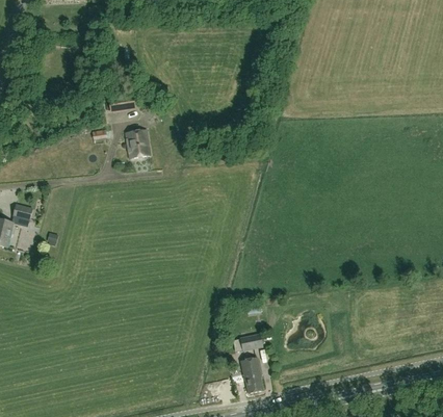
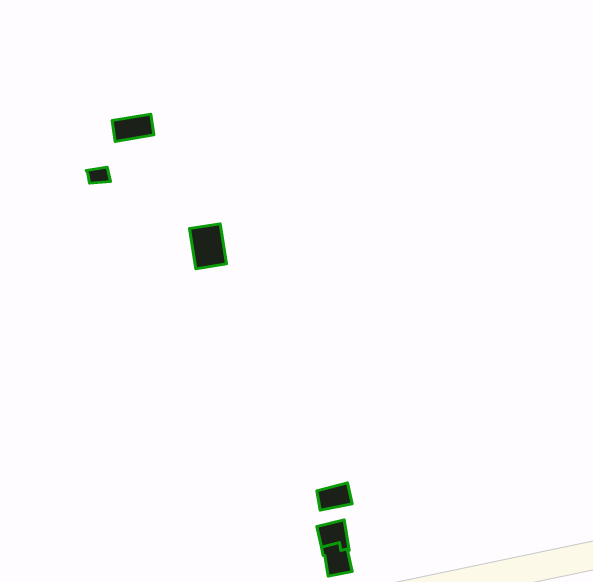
building: [125,129,149,158] -> [189,224,227,269]

